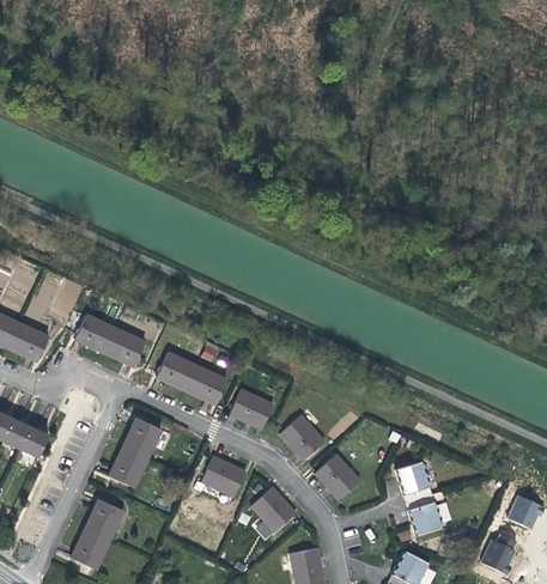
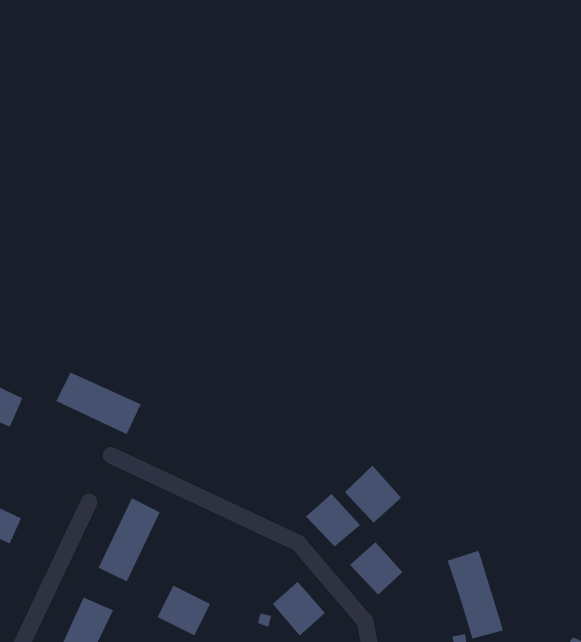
building: [158,352,227,403] -> none
building: [231,389,274,428] -> none
building: none -> [344,465,402,523]
building: [202,455,247,497] -> [157,585,211,636]

